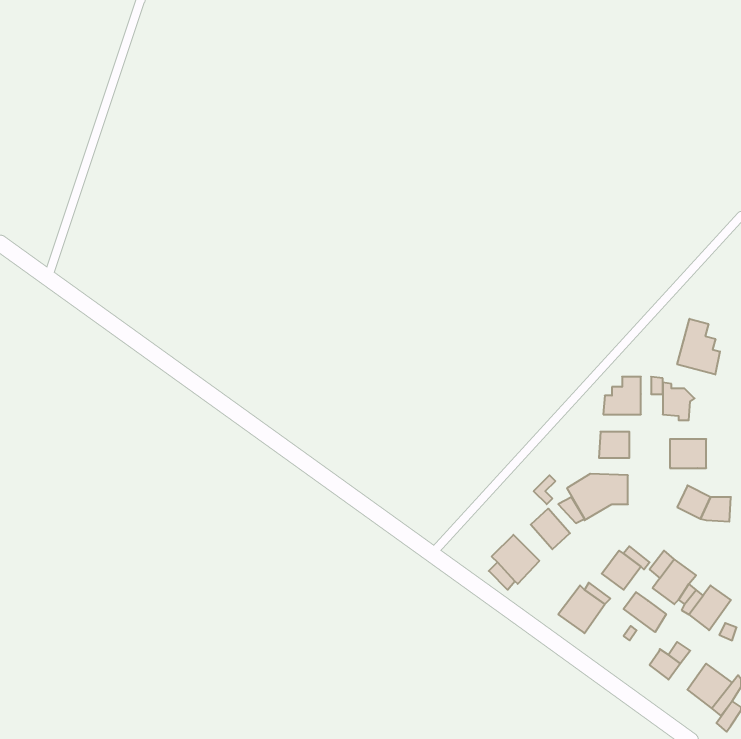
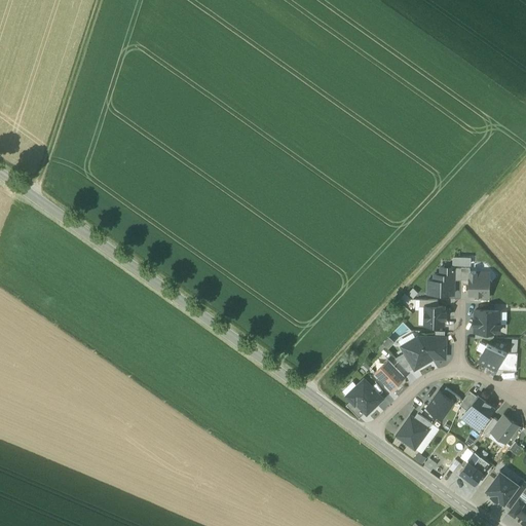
building: [677,319,720,375] -> none
building: [624,592,666,632] -> none

